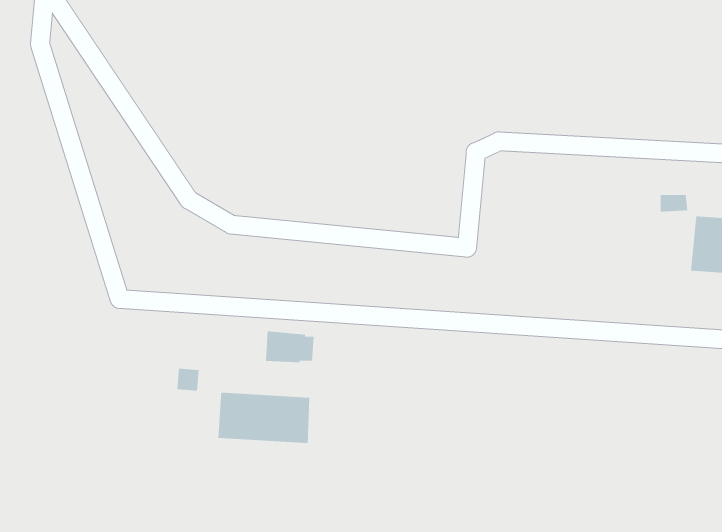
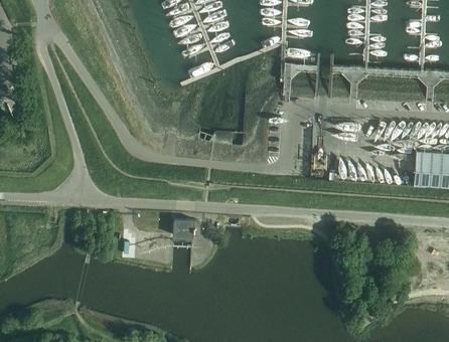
building: [218,392,310,444] -> none

